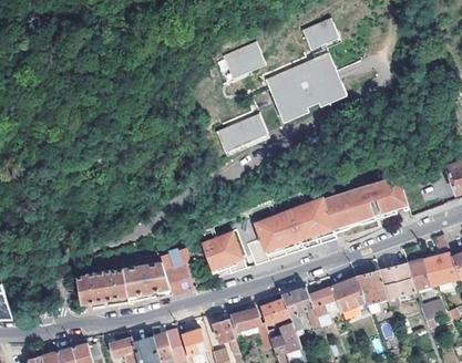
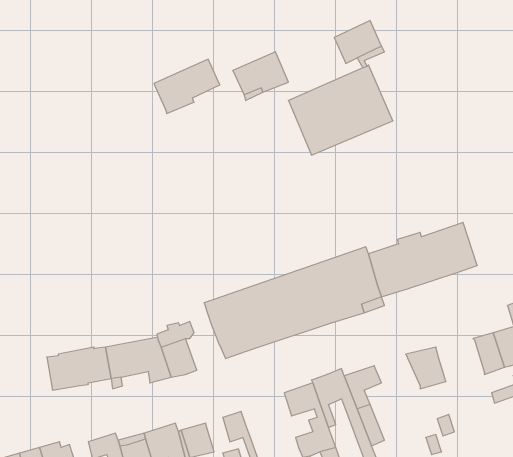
building: [216,114,267,156] -> [154,59,220,114]
building: [379,263,417,302] -> none
building: [331,276,367,310] -> none
building: [230,308,273,350] -> none

